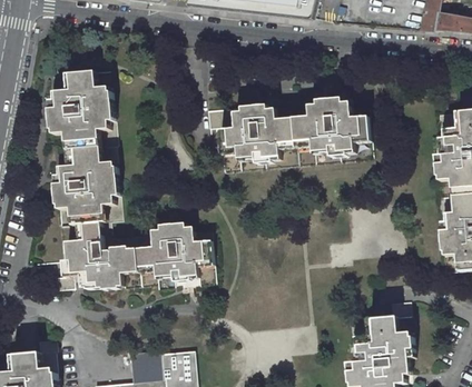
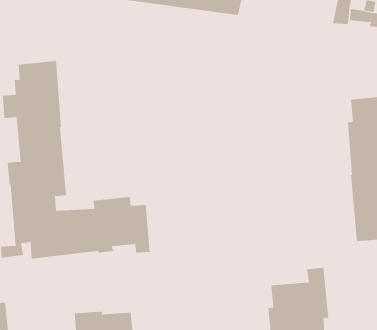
building: [205,99,373,172] -> none

